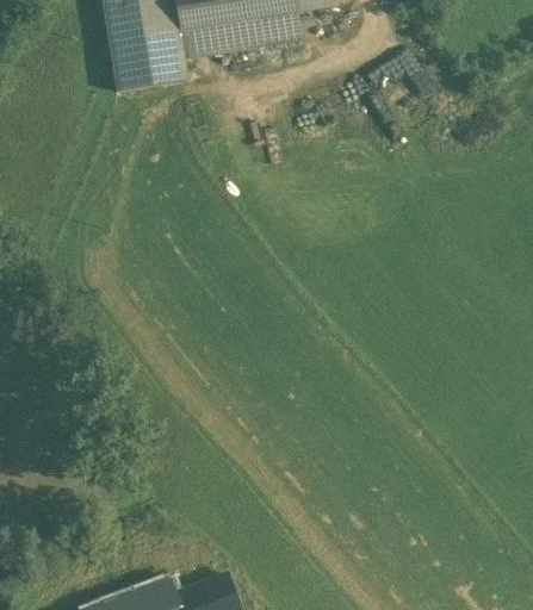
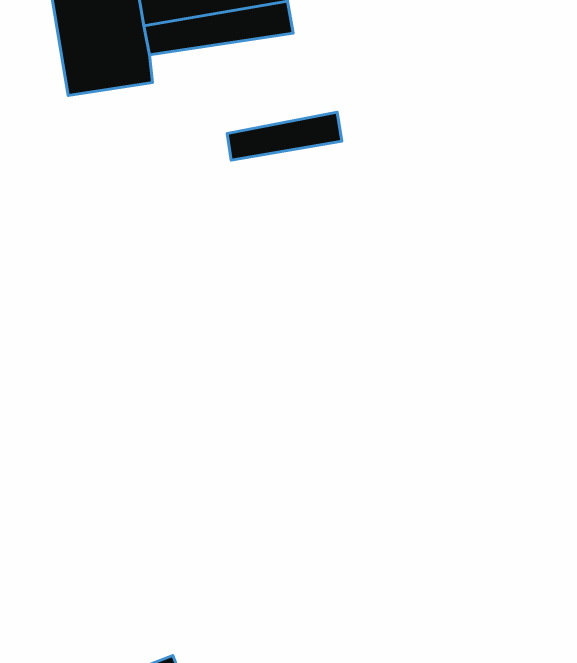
building: none -> [227,112,342,160]

